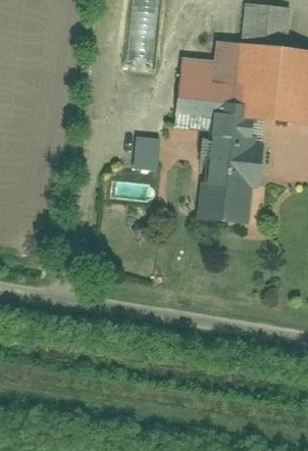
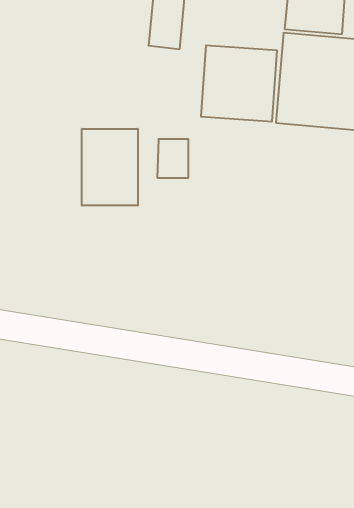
building: [203,118,261,222] -> none
building: none -> [82,129,138,206]

